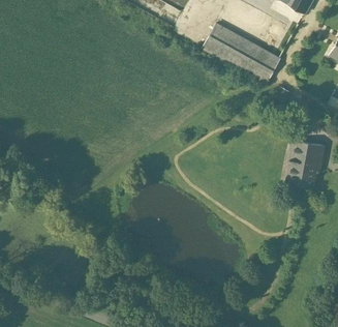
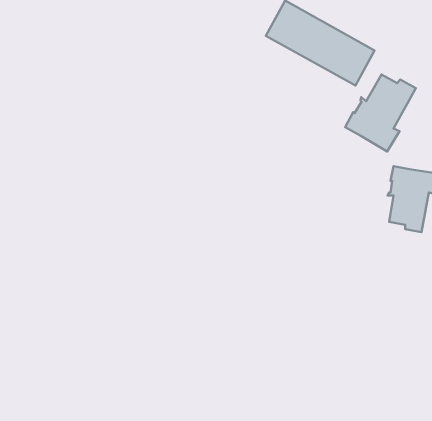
building: none -> [345,75,416,151]

